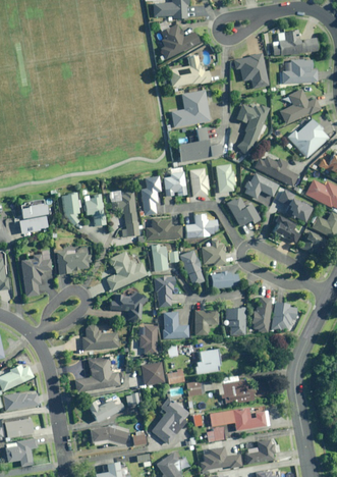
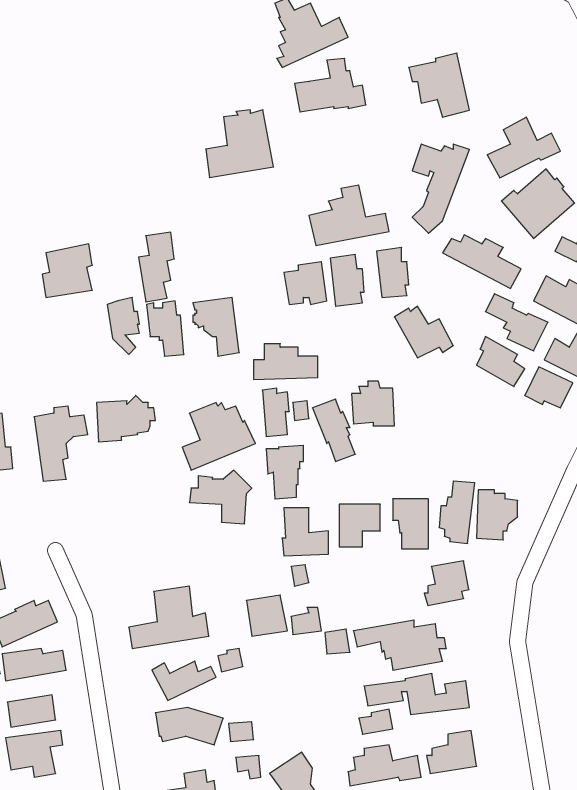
building: [271,29,318,55] -> none
building: [282,59,317,83] -> none
building: [171,89,210,127] -> [206,110,274,178]
building: [244,172,279,198] -> none
building: [141,175,161,215] -> [139,232,174,302]
building: [19,203,48,233] -> [42,244,92,297]
building: [186,214,218,236] -> none
building: [212,271,239,287] -> none
building: [81,325,117,350] -> none
building: [139,325,157,354] -> none
building: [194,349,220,374] -> [424,561,469,606]
building: [151,396,188,444] -> none

